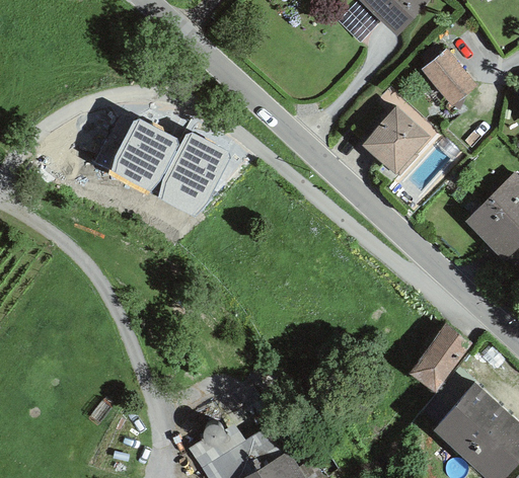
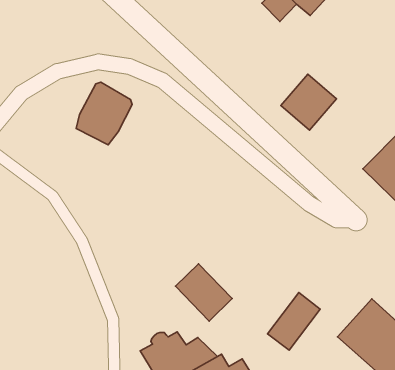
building: [422,48,478,106] -> none
building: [159,132,231,217] -> none
building: [409,322,473,393] -> [268,293,320,350]
building: none -> [175,264,232,321]

